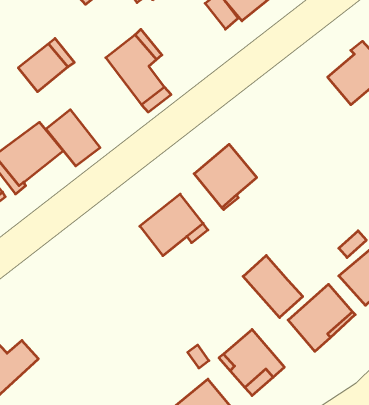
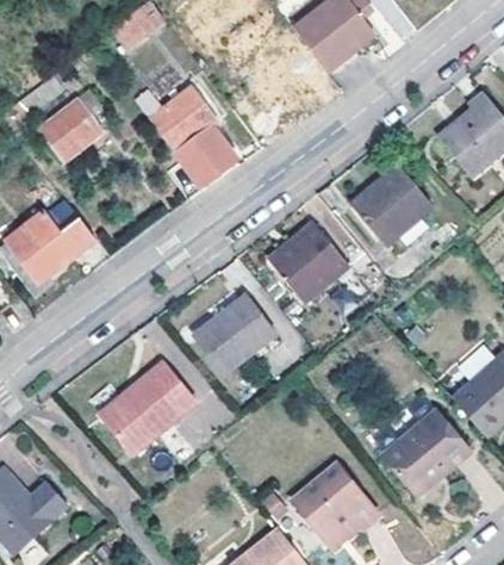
building: none -> [346,168,429,249]
building: [46,110,100,166] -> none
building: none -> [99,362,195,457]
building: [243,255,303,318] -> none

